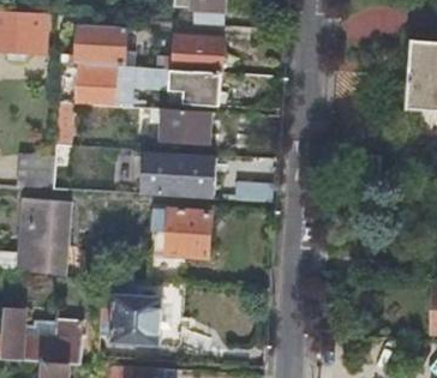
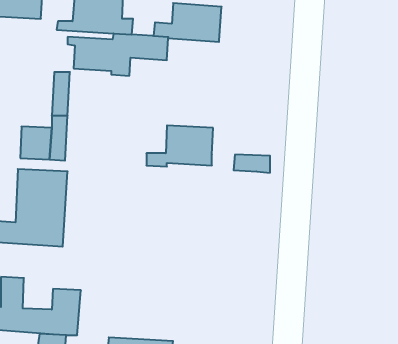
building: [166,70,218,106] -> none
building: [160,109,208,142] -> none
building: [146,210,210,283] -> none
building: [97,287,162,346] -> none

